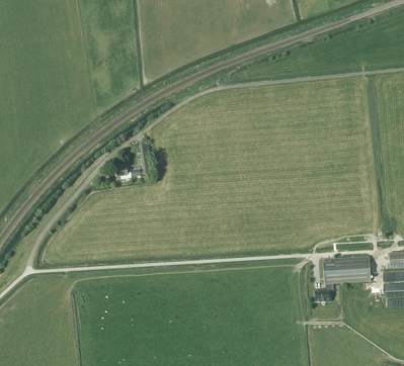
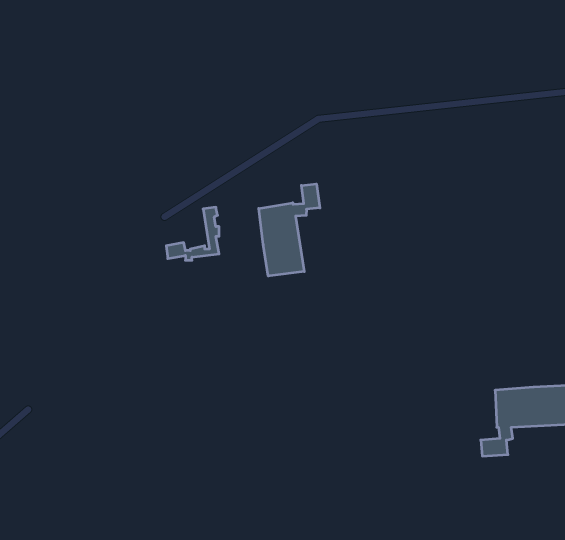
building: none -> [259,184,320,276]

